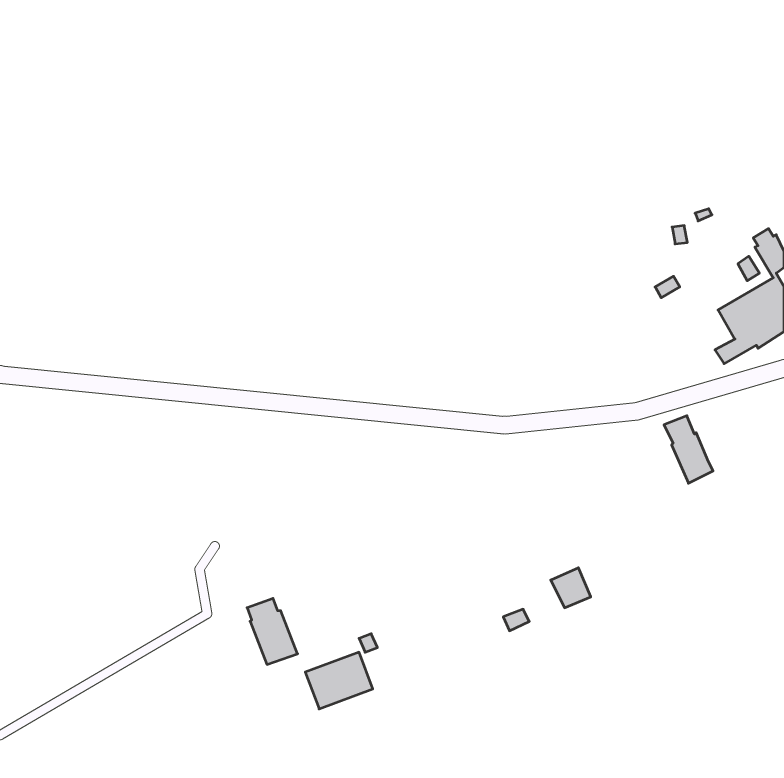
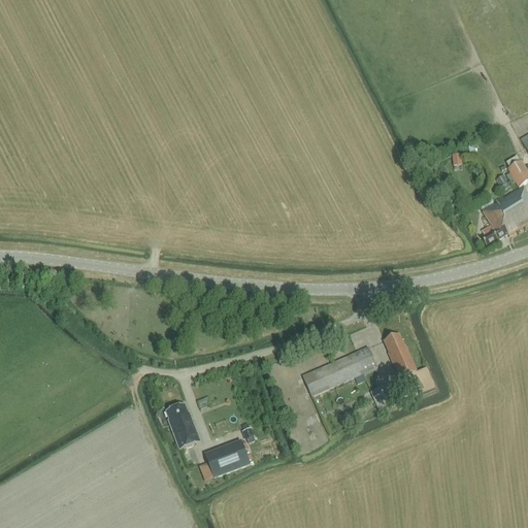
building: [664,416,713,483] -> [384,332,417,377]
building: none -> [303,345,377,394]

